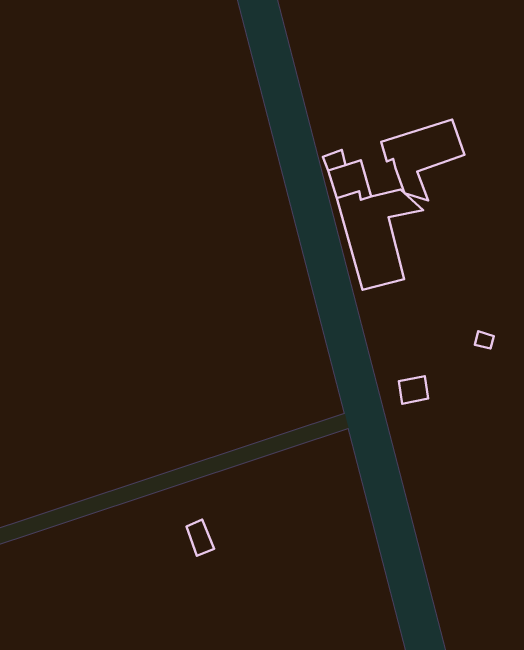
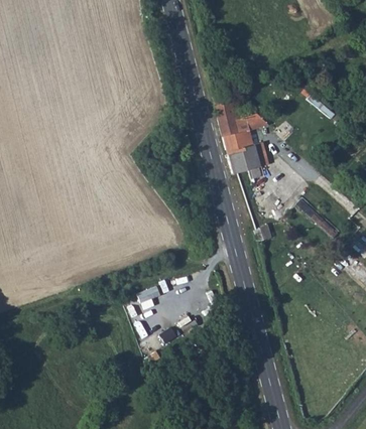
building: [381,119,464,200] -> none

